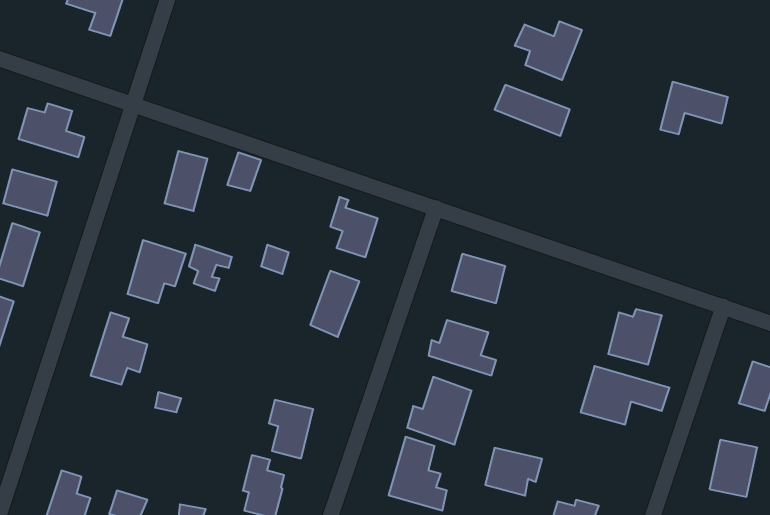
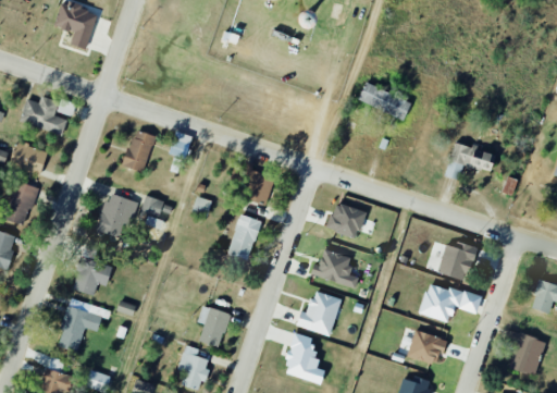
building: [515,21,582,80] -> none
building: [660,82,728,134] -> [446,143,494,180]
building: none -> [55,298,112,353]
building: [485,448,542,496] -> [408,331,448,365]

